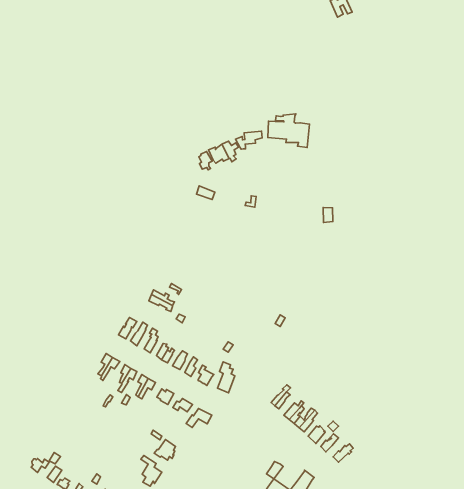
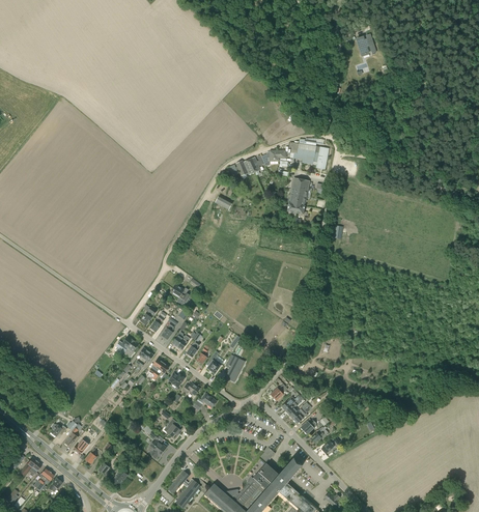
building: none -> [284,177,309,215]

